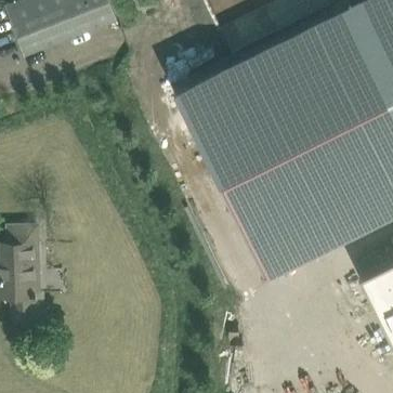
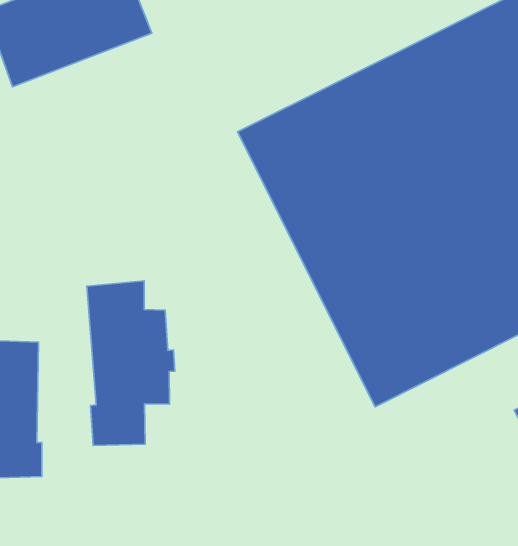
building: none -> [87,281,175,446]

